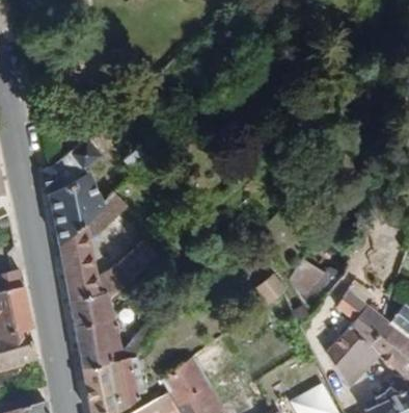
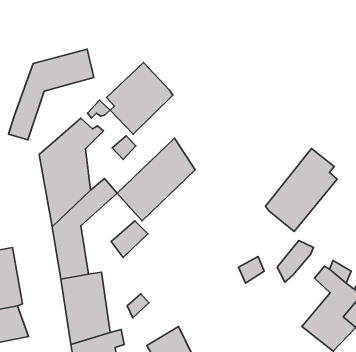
building: none -> [8,49,94,140]
building: none -> [106,63,173,134]
building: none -> [117,138,195,221]
building: none -> [265,148,337,232]

